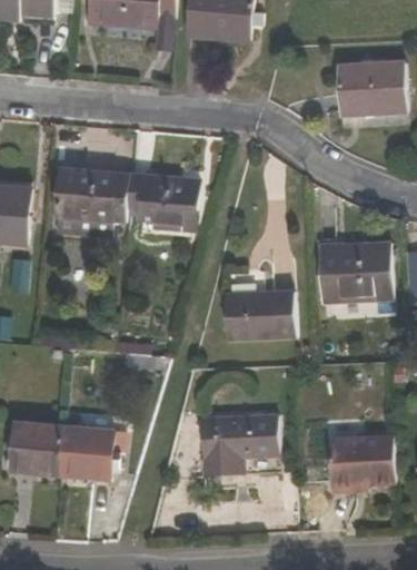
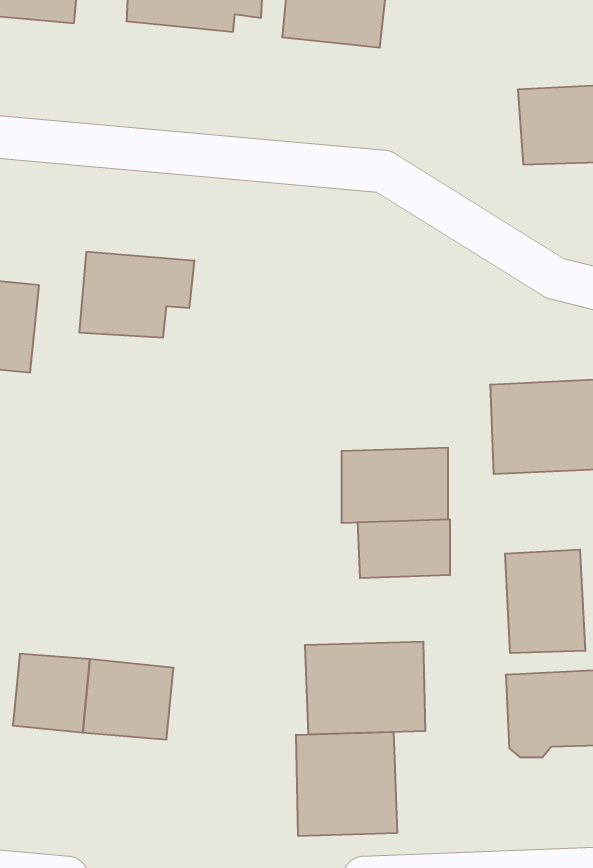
building: [127,174,190,228] -> none
building: none -> [358,519,450,578]
building: none -> [505,549,585,653]
building: none -> [296,732,397,836]

